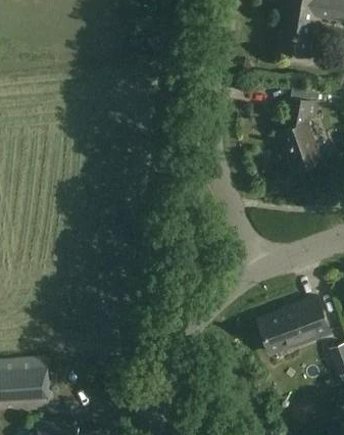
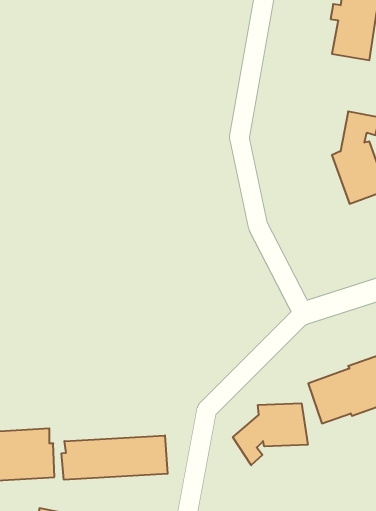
building: none -> [233,403,308,465]
building: none -> [62,435,168,480]

